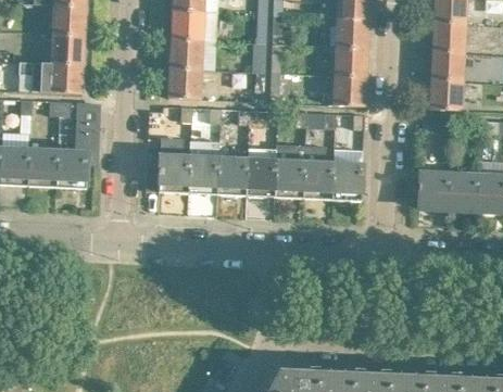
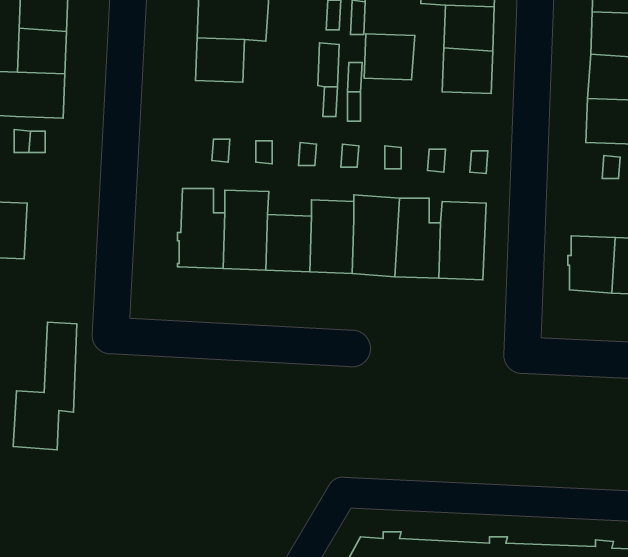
building: [167,66,201,98] -> none
building: [332,74,366,104] -> [364,34,415,80]
building: [55,102,98,187] -> [13,322,77,450]

